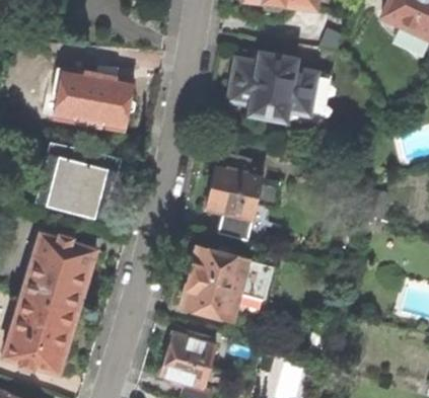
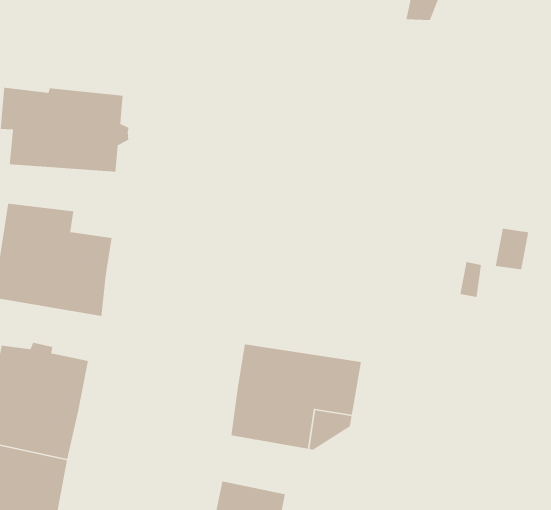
building: [229,53,316,118] -> none
building: [205,159,273,239] -> none

